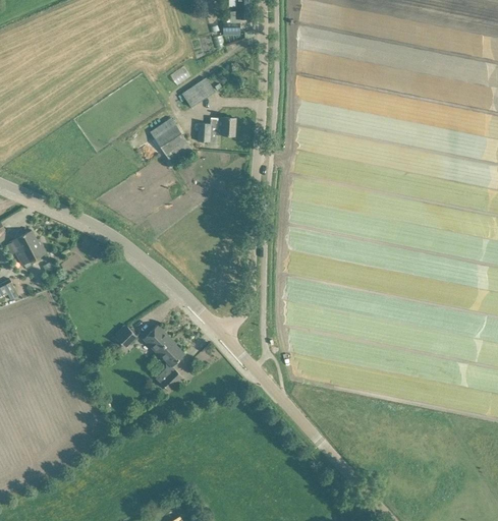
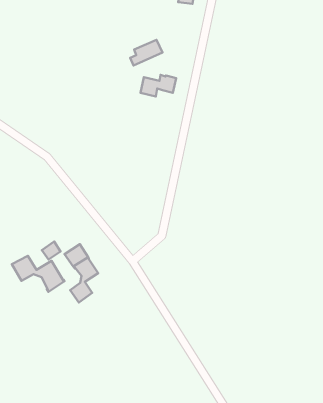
building: [150,117,191,163] -> none
building: none -> [12,256,65,292]

